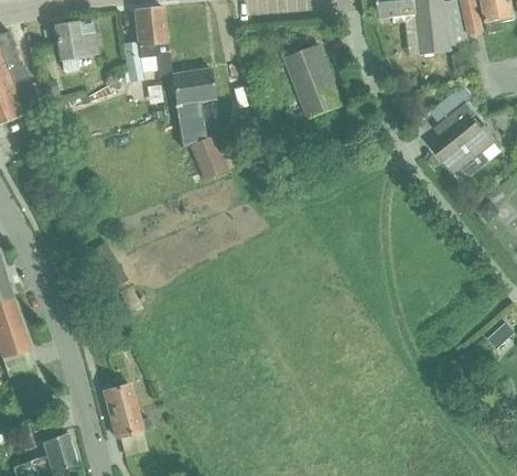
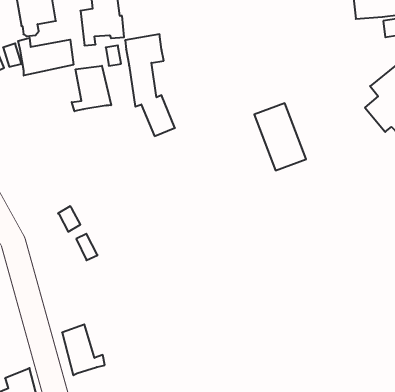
building: [286,44,342,117] -> [254,103,306,170]
building: none -> [18,38,73,76]
building: none -> [72,66,111,111]

